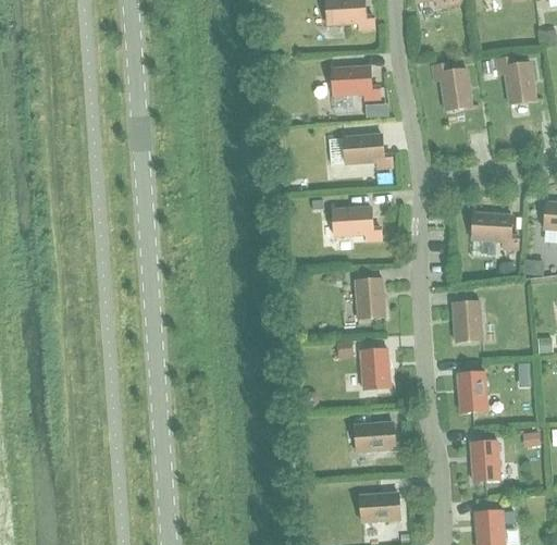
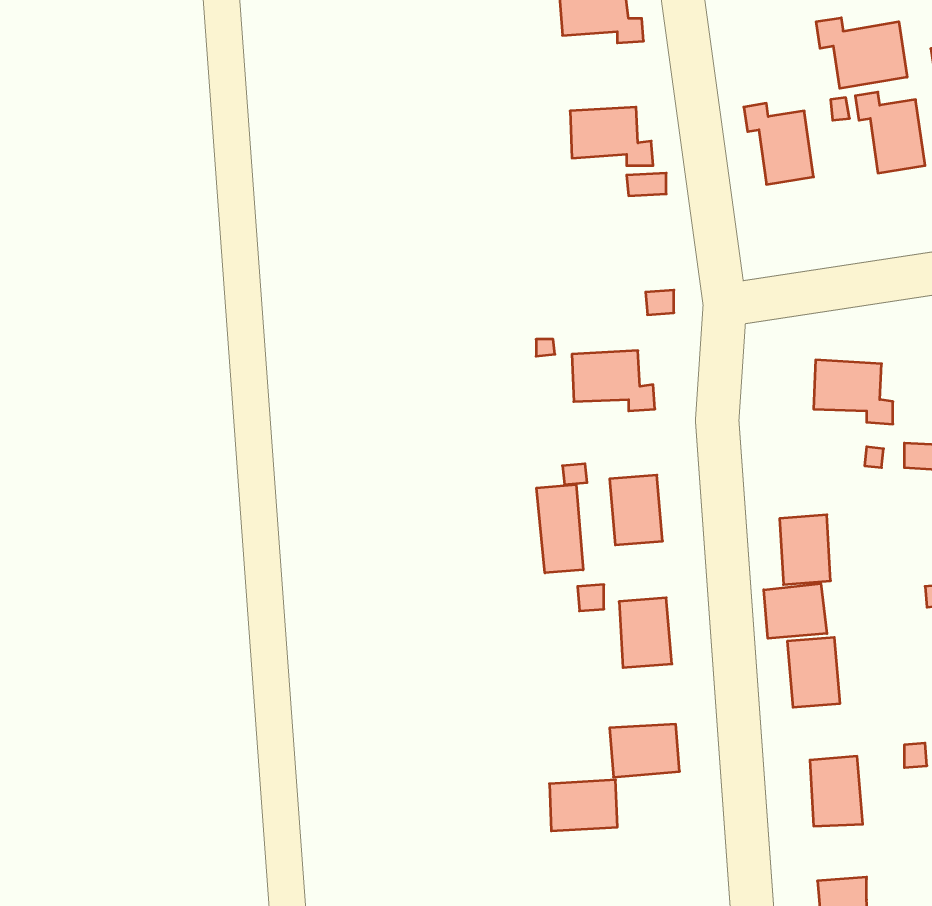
building: none -> [816,18,907,88]
building: [329,133,392,168] -> none
building: none -> [537,484,583,573]
building: none -> [764,583,827,638]
building: [360,492,399,521] -> [549,780,617,831]

